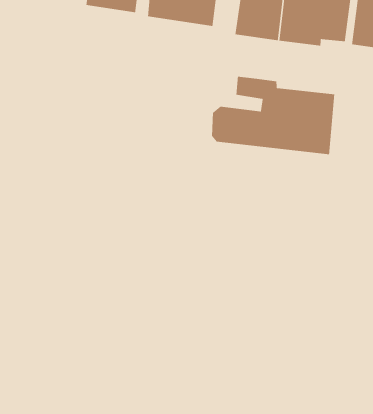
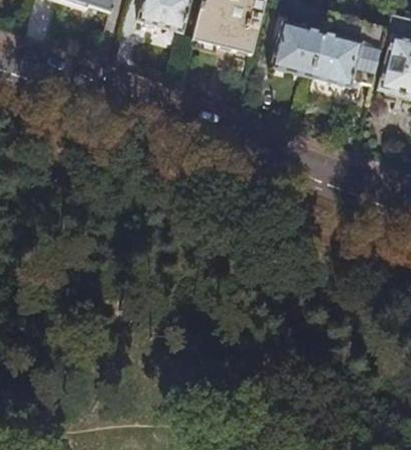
building: [211,76,335,155] -> none

